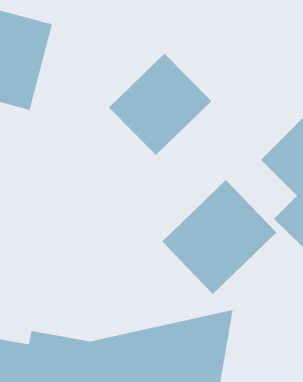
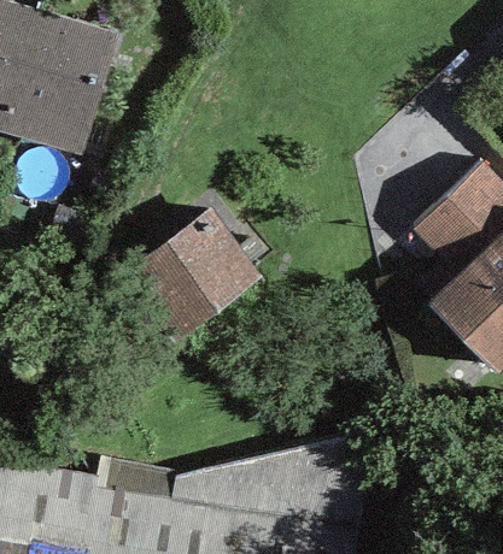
building: [108,53,212,156] -> [119,200,262,341]
building: [161,179,277,295] -> none

